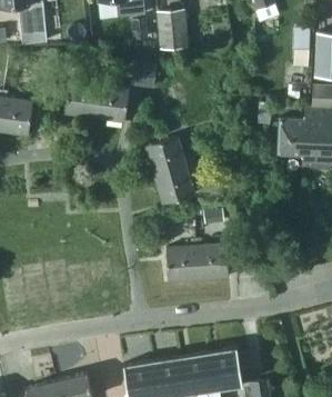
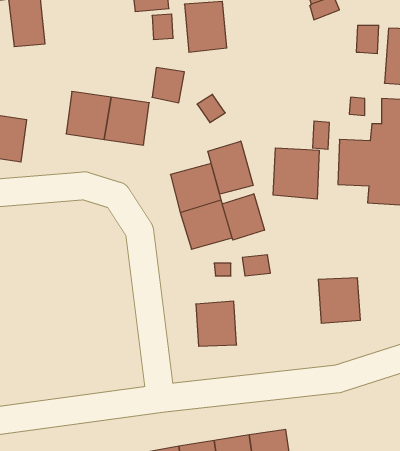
building: none -> [208,141,253,194]
building: none -> [273,148,319,199]
building: none -> [222,194,264,240]
building: [195,244,229,279] -> [318,278,360,323]

